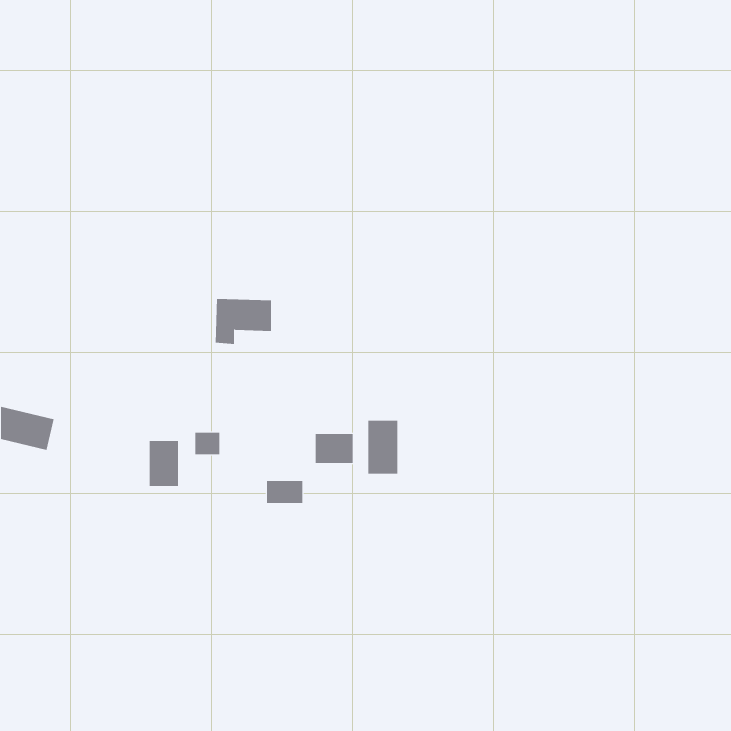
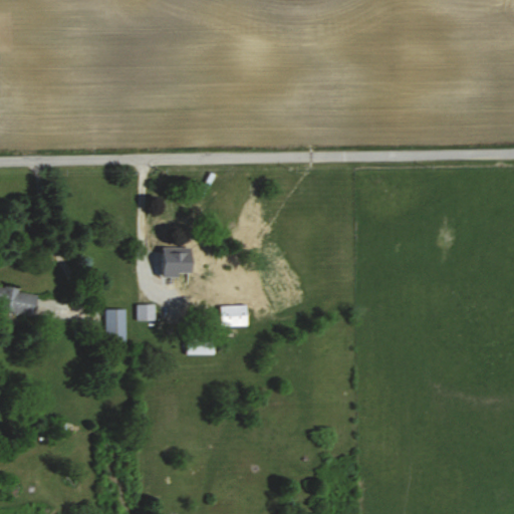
building: [215,299,272,344] -> [162,251,202,283]
building: [368,420,398,475] -> none

